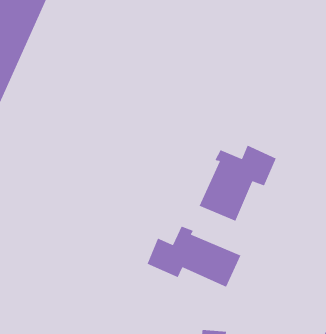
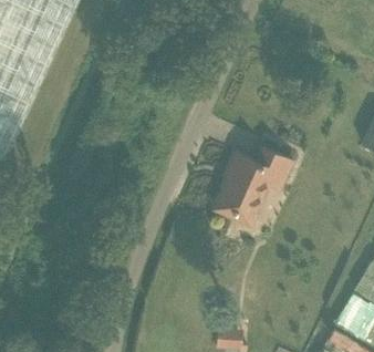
building: [147,225,242,288] -> none

